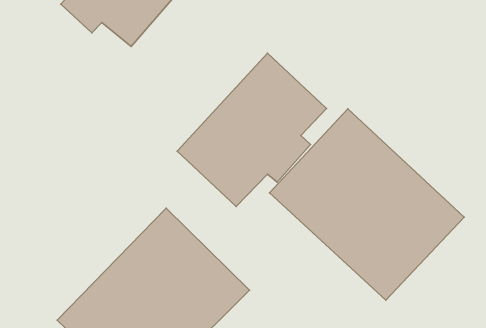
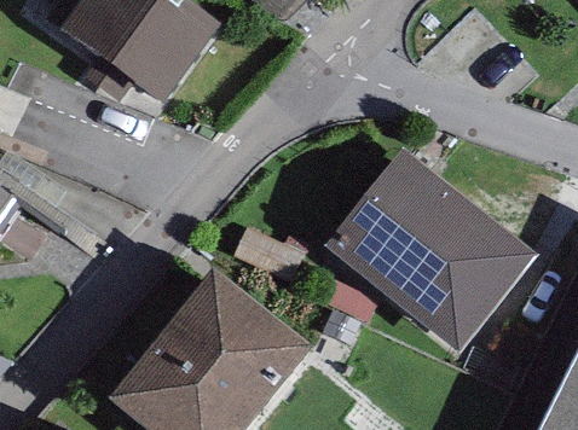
building: [177,53,326,206] -> none

